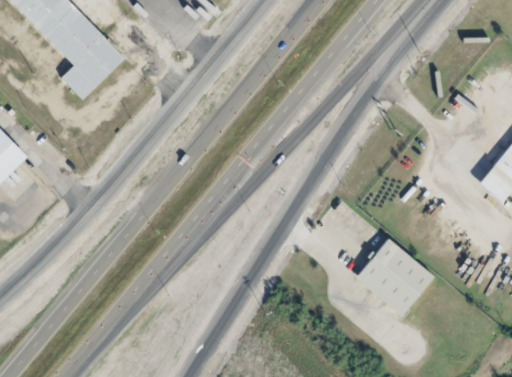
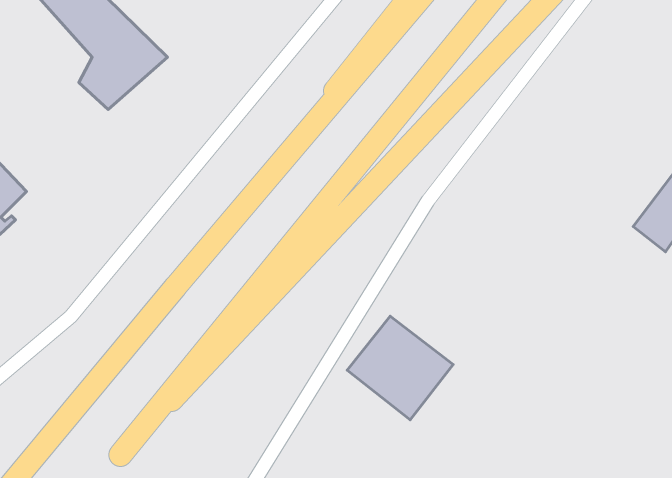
building: [352,239,431,316] -> [347,316,453,420]

